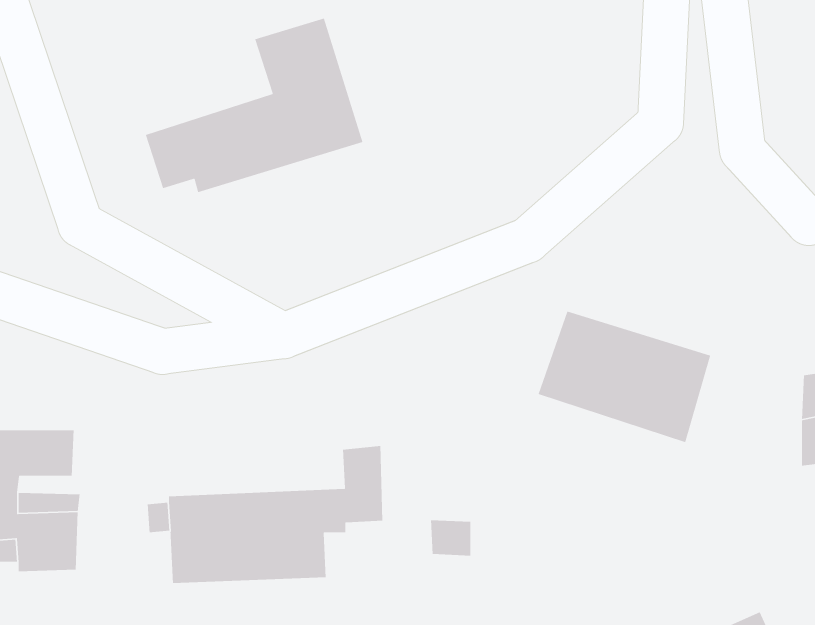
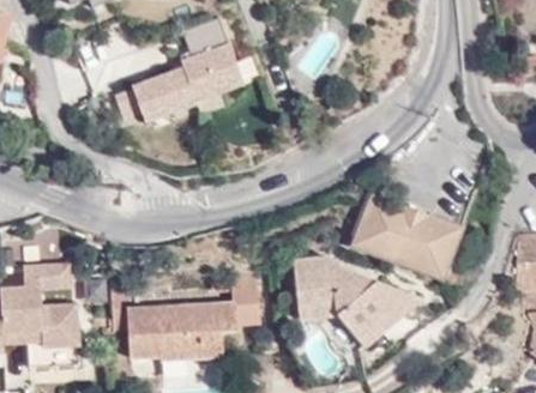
building: none -> [294,256,421,346]

